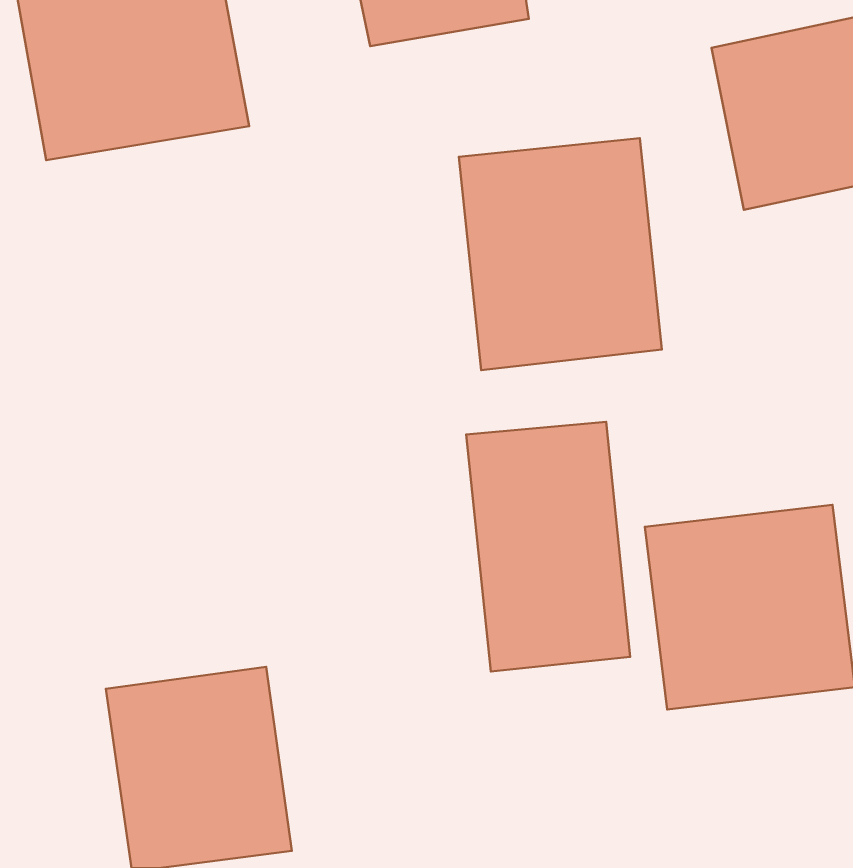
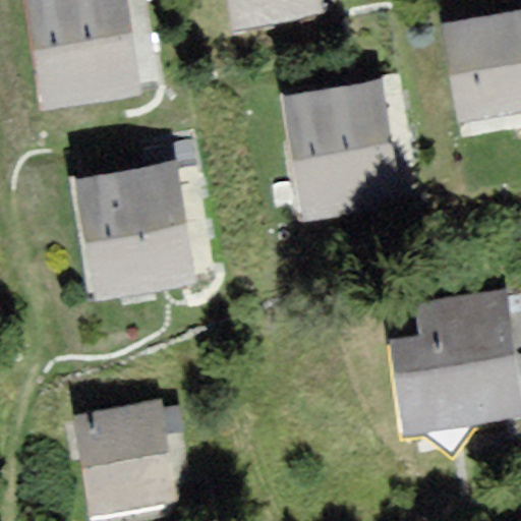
building: none -> [63,165,200,297]
building: [466,422,630,671] -> none

